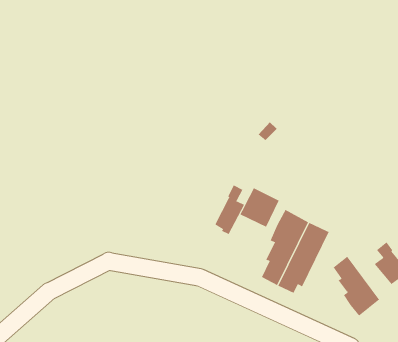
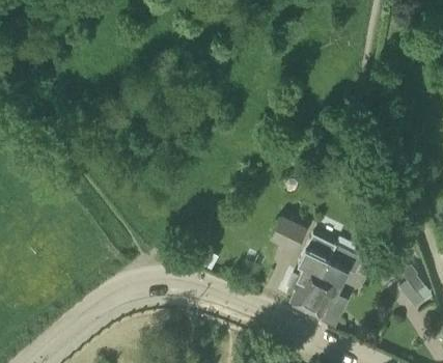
building: [215,184,245,235] -> none
building: [333,256,380,317] -> none

